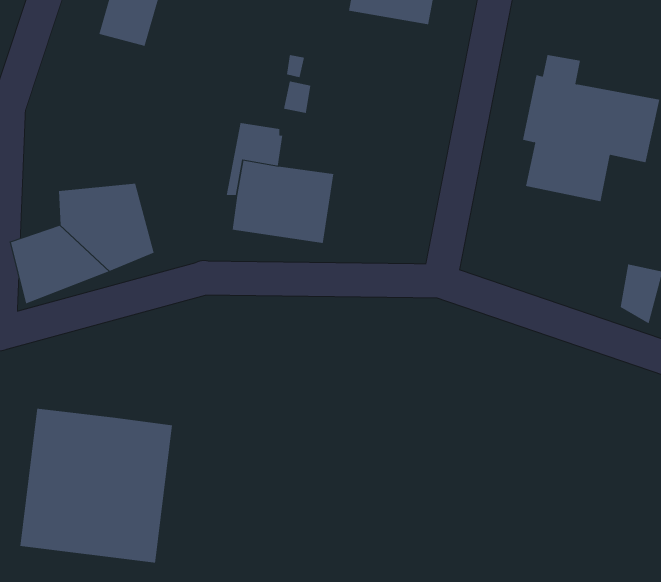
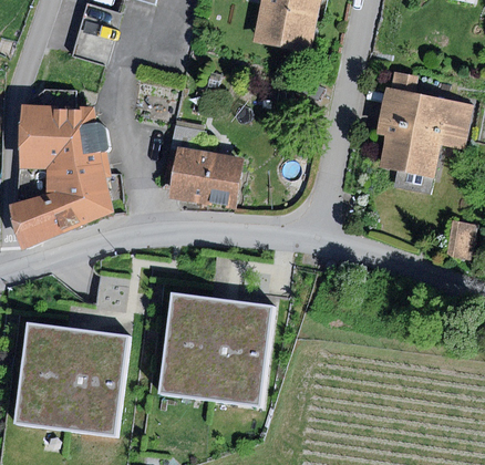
building: none -> [18,103,109,168]
building: none -> [158,292,271,405]

